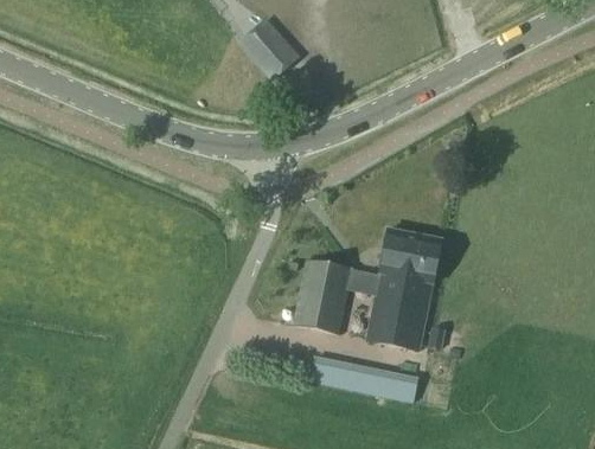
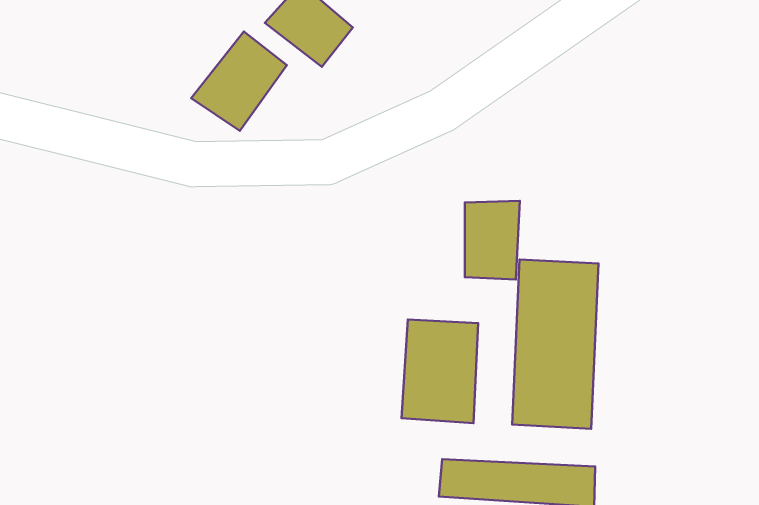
building: none -> [191,32,287,131]
building: none -> [465,201,520,280]

